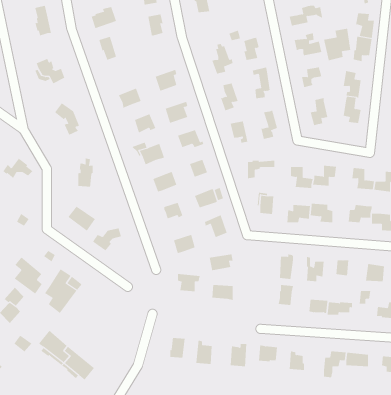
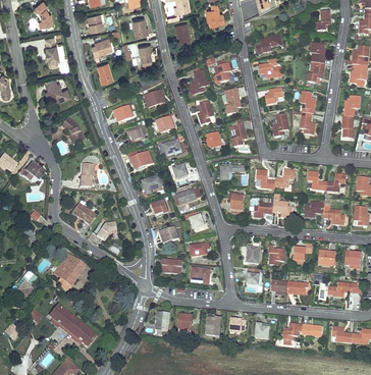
building: [324,28,351,61] -> none
building: [14,257,43,295] -> none

